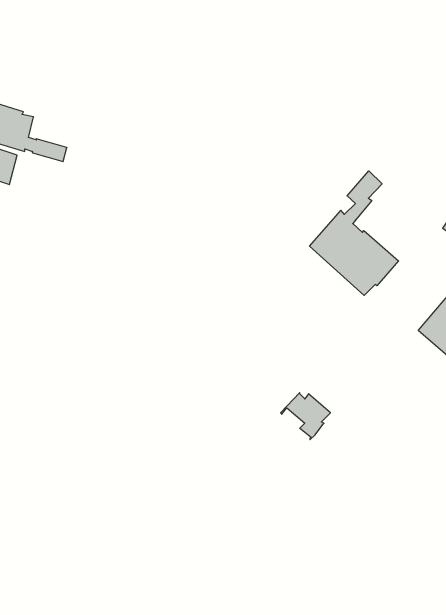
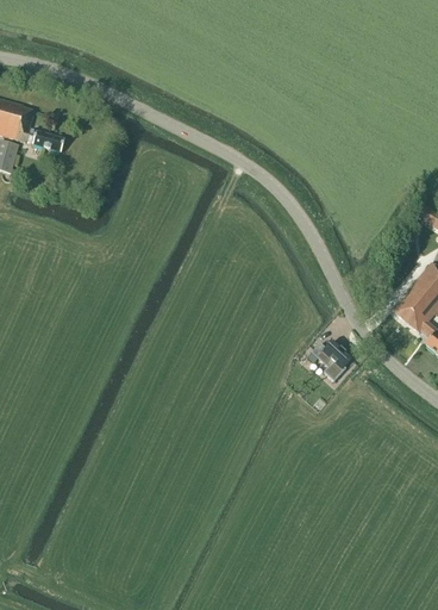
building: [310,171,399,295] -> none
building: [281,393,330,440] -> [305,340,351,384]

